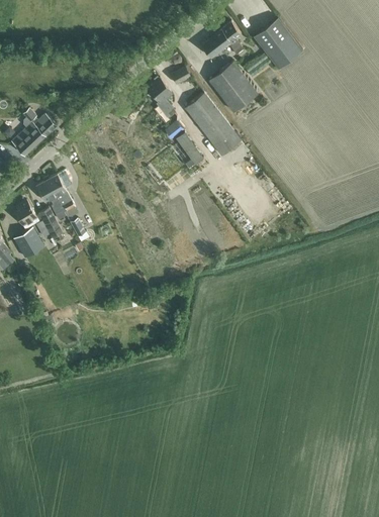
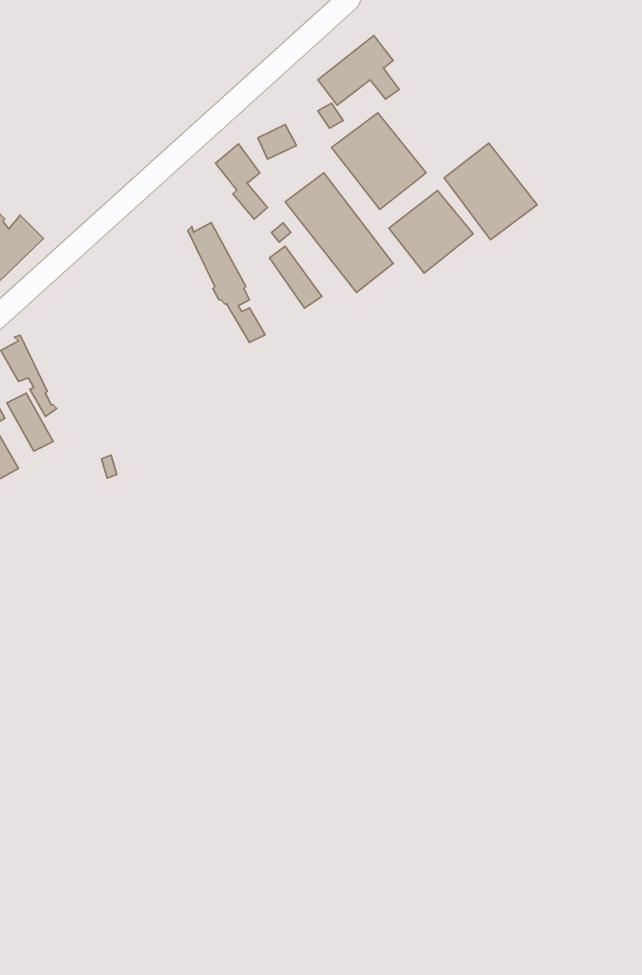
building: [254,18,302,69] -> [444,143,537,240]
building: none -> [389,191,473,273]
building: [45,174,86,236] -> [188,223,265,342]

